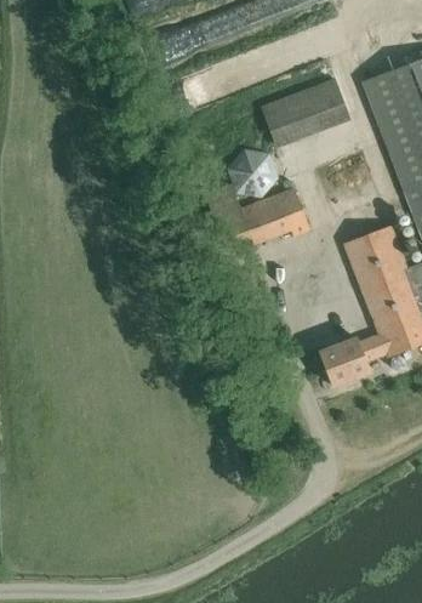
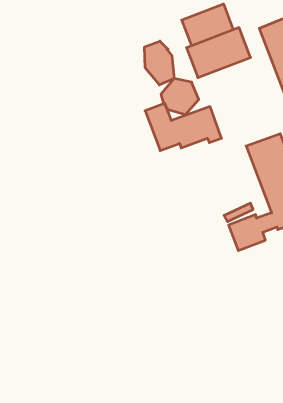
building: none -> [182,4,233,46]
building: none -> [145,41,174,85]

